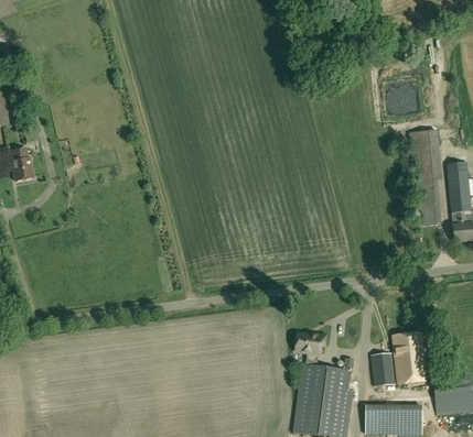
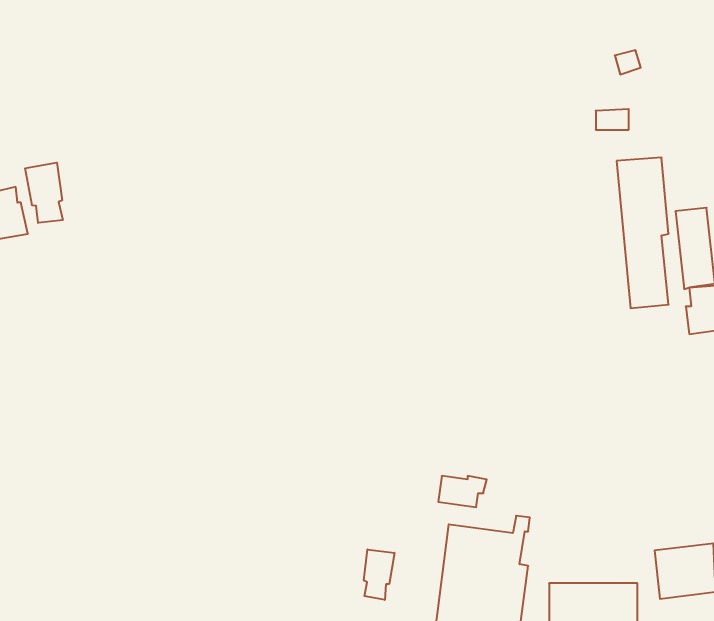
building: none -> [25,163,63,223]
building: [372,332,427,386] -> none
building: none -> [364,549,394,600]

